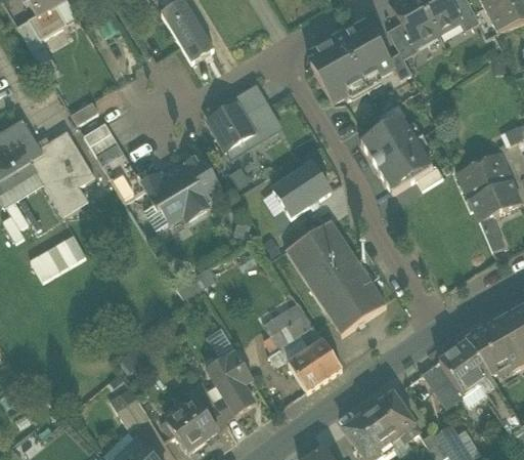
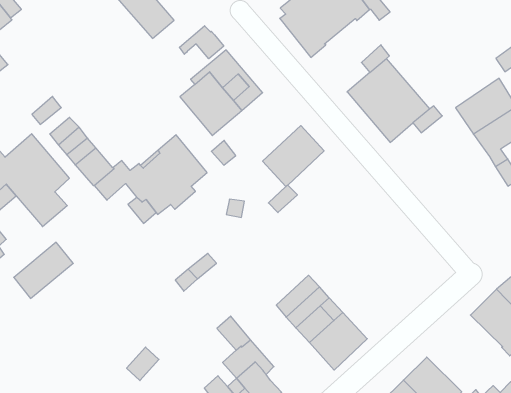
building: none -> [179,26,224,59]
building: [286,219,386,333] -> none
building: [414,361,464,413] -> none

